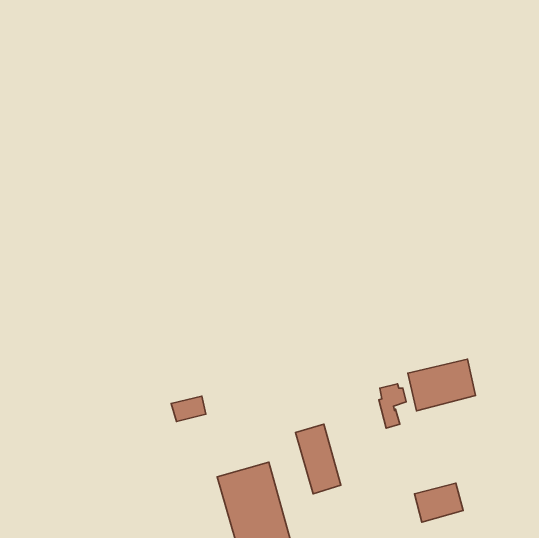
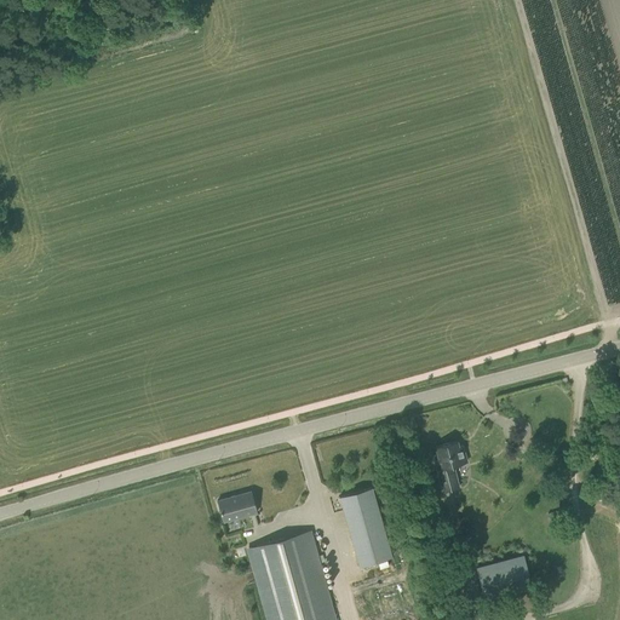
building: [408,359,476,411] -> none
building: [171,396,206,422] -> [217,493,257,522]

